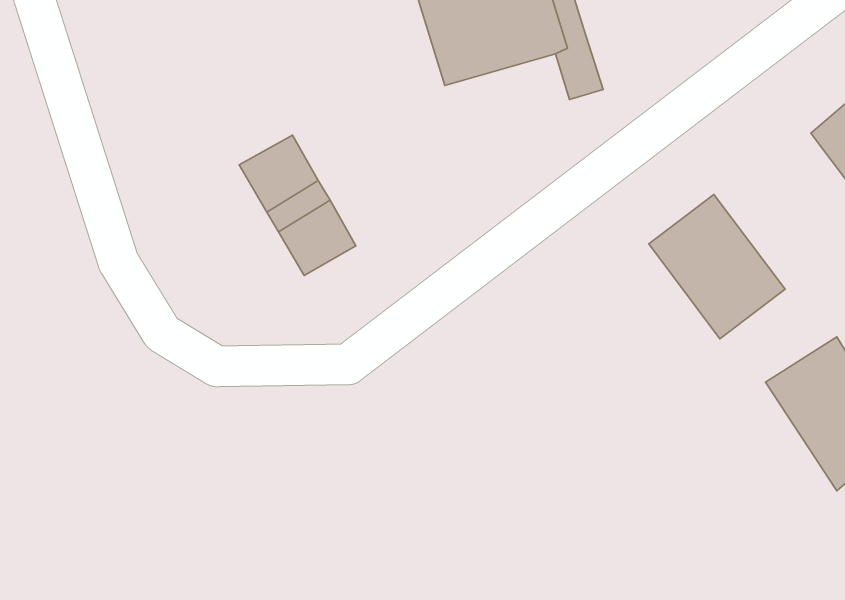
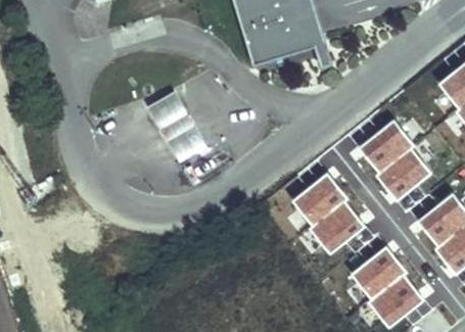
building: none -> [294,176,362,249]
building: none -> [352,249,423,325]

